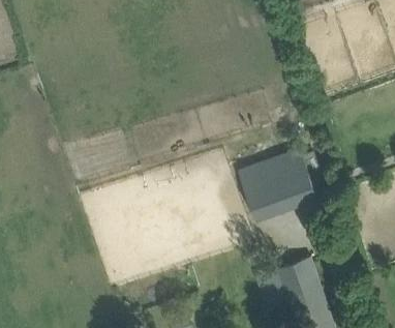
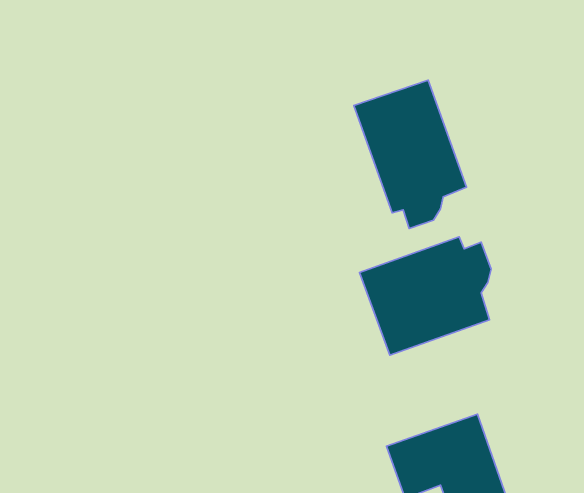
building: none -> [354,80,466,228]

